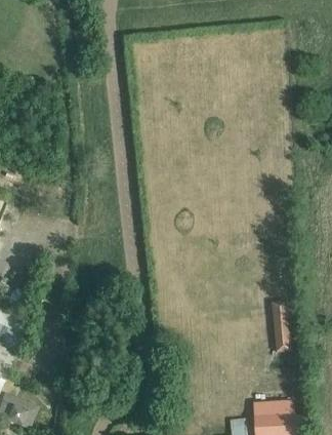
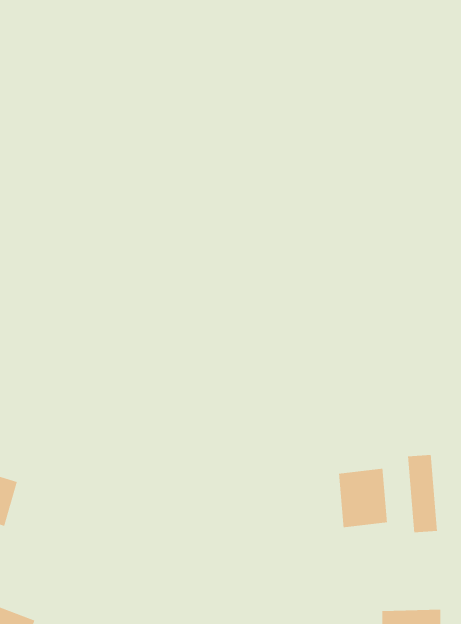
building: none -> [338,468,388,528]

